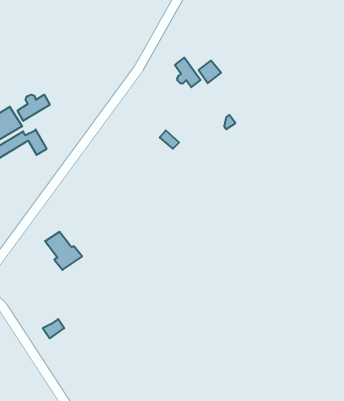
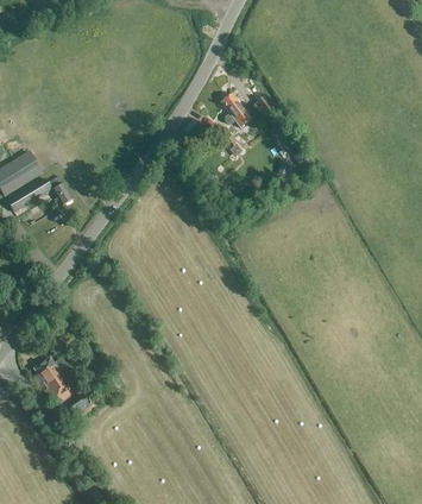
building: [18,95,50,121] -> none
building: [45,232,82,270] -> [33,358,76,402]

